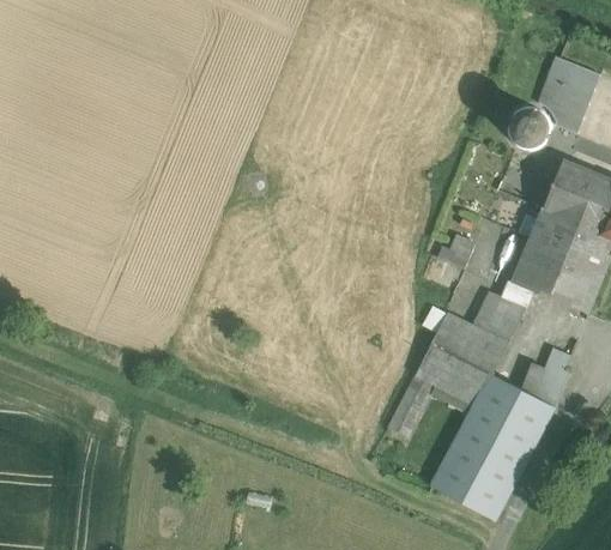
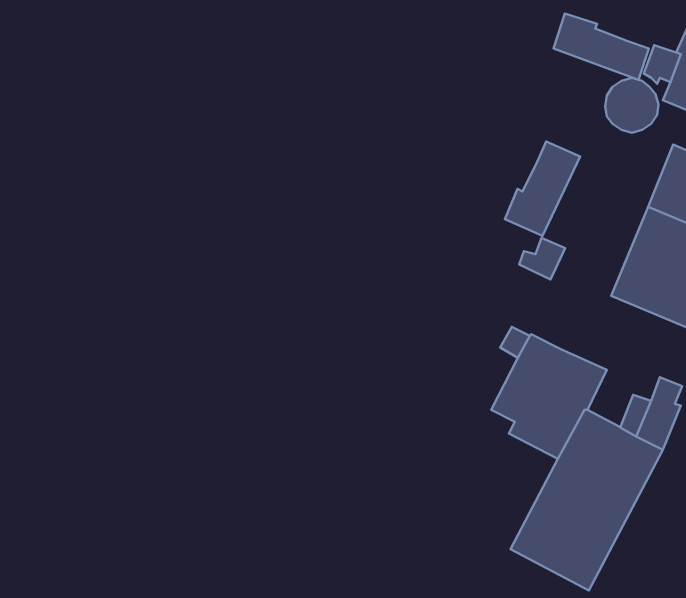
building: none -> [554,14,649,80]
building: none -> [505,141,580,236]
building: [471,290,526,342] -> none
building: [387,374,434,436] -> none

